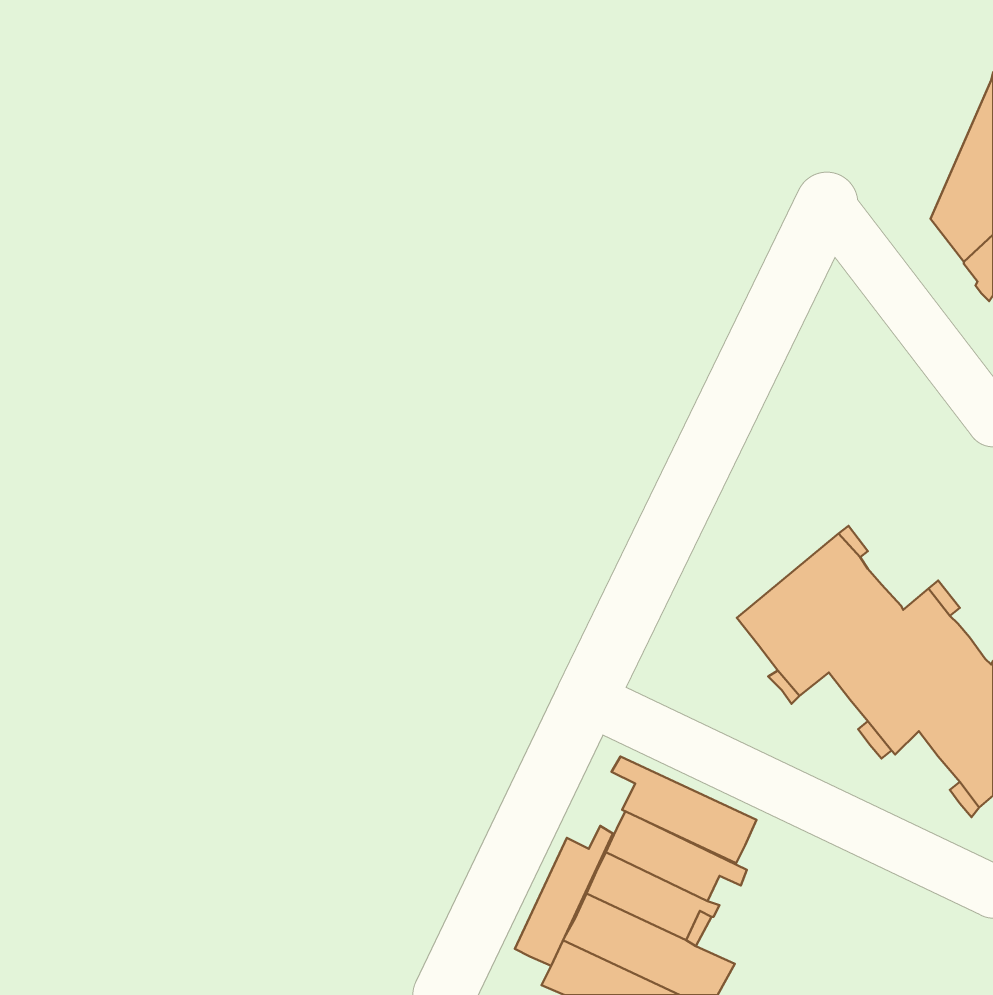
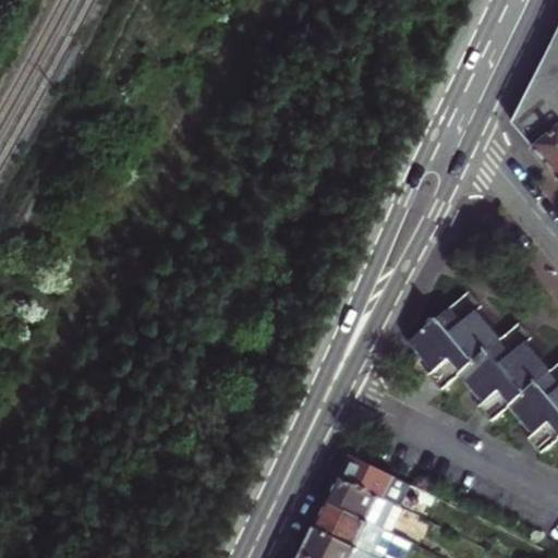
building: [612,757,756,863] -> none
building: [515,826,613,966] -> none

